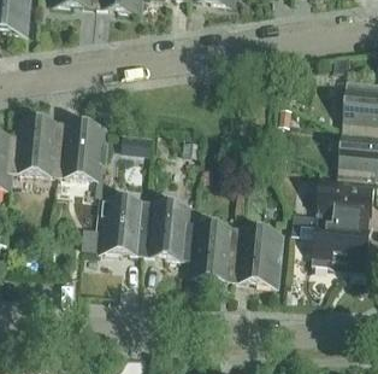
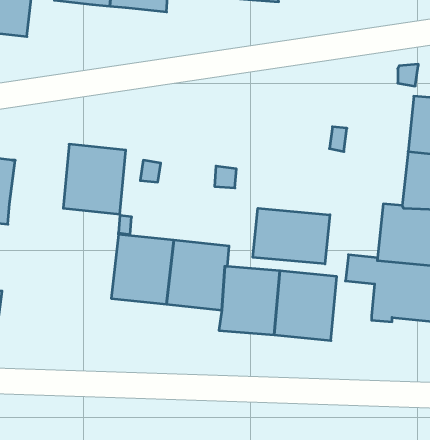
building: [12,116,61,174] -> none
building: none -> [253,208,330,264]

